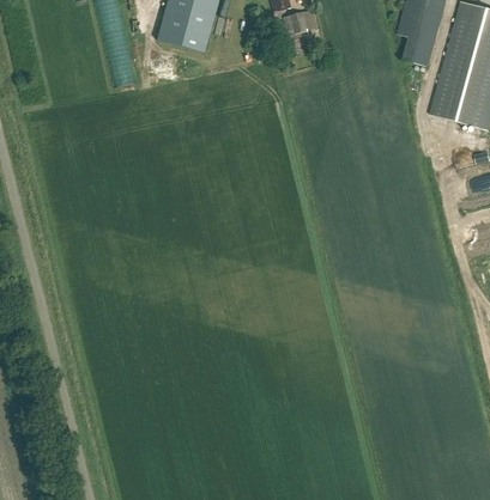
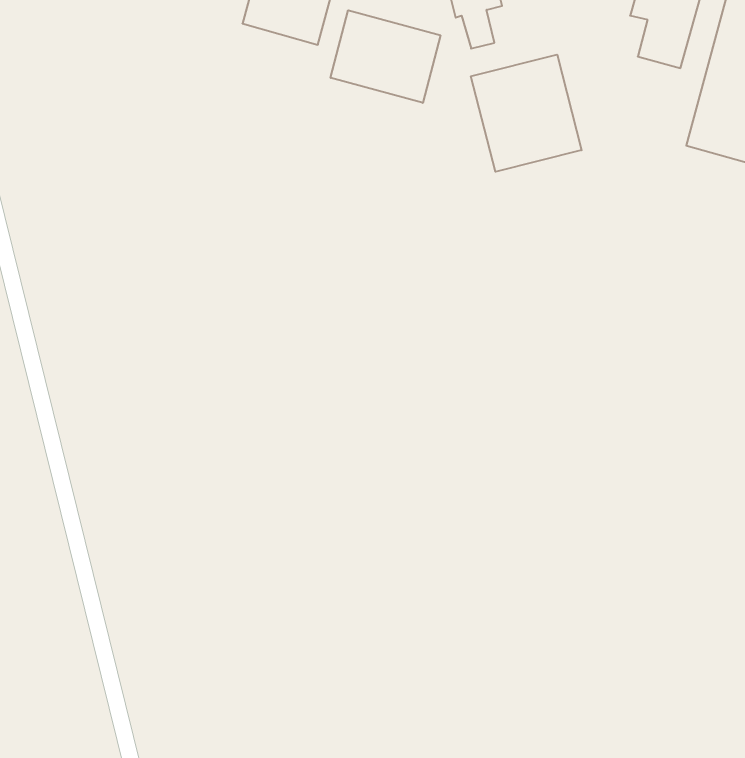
building: none -> [331,10,440,103]
building: none -> [471,55,582,172]

